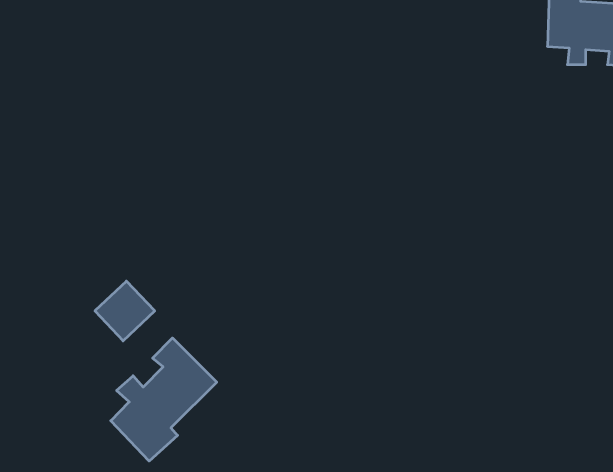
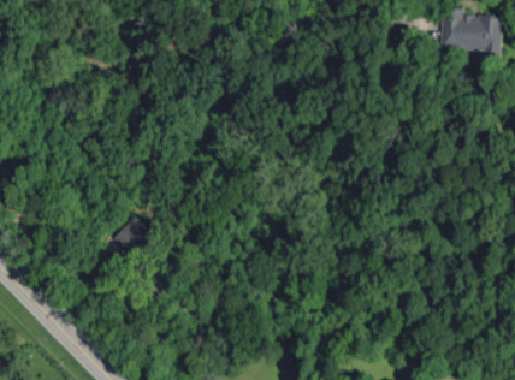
building: [111,338,217,461] -> none

